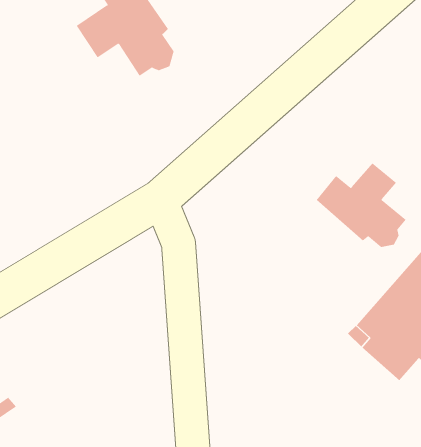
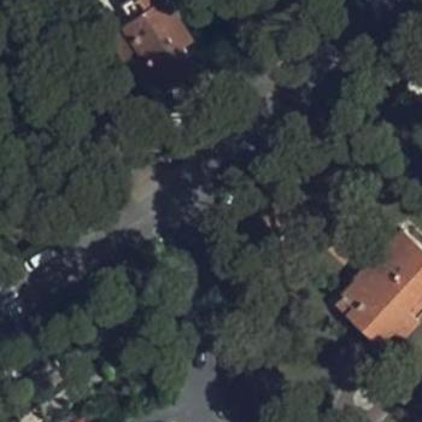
building: [316,162,406,248] -> none

